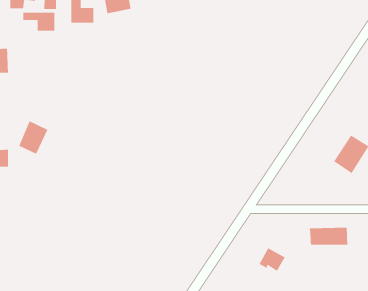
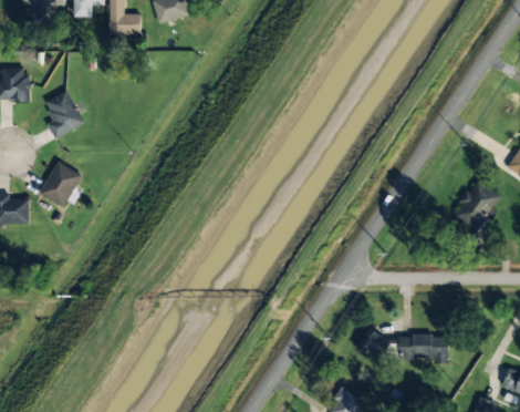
building: [23,12,55,31] -> none
building: none -> [44,90,85,138]
building: [309,227,348,246] -> [398,334,449,359]

